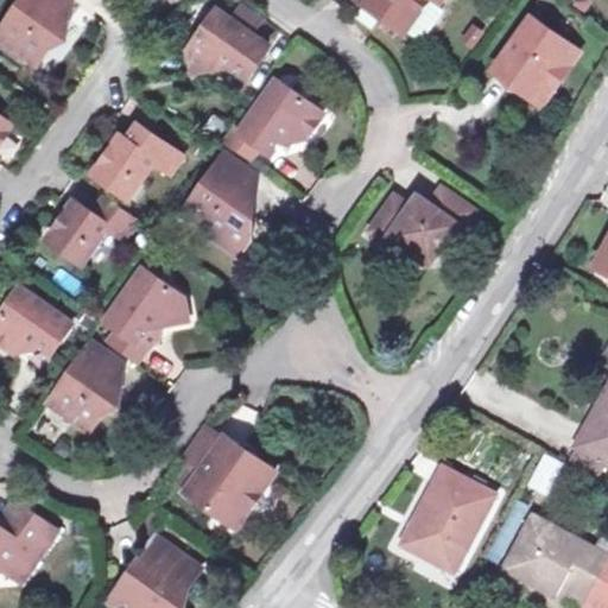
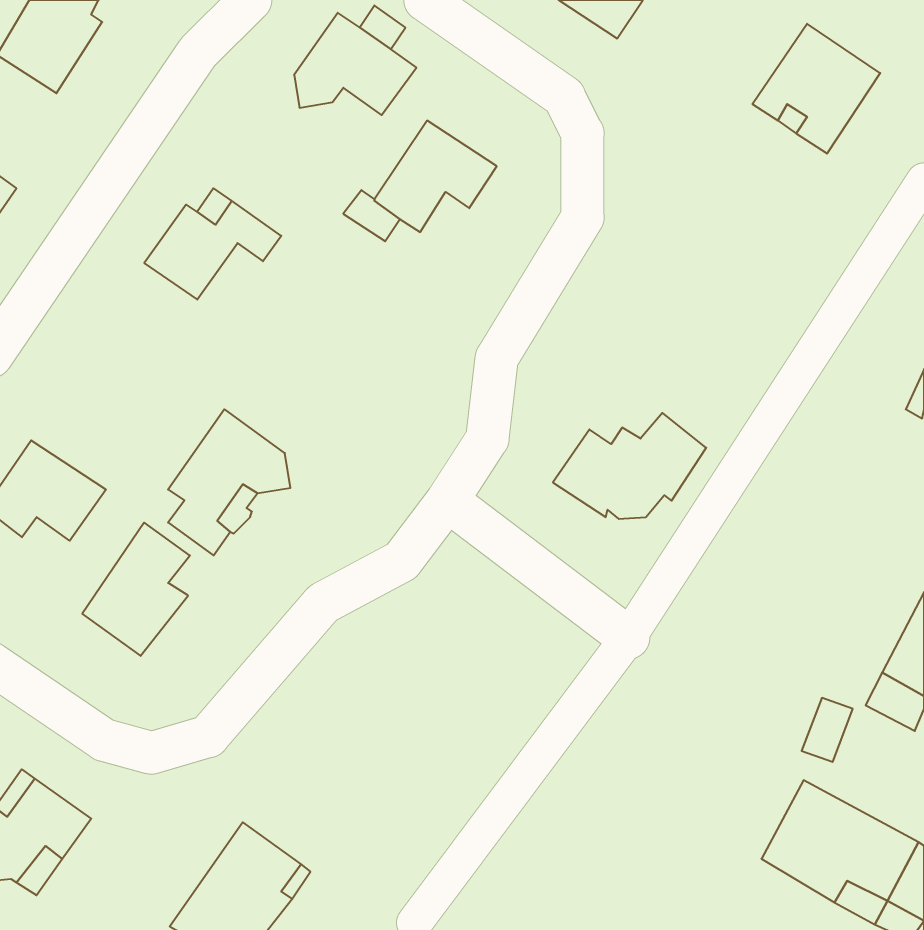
building: [185,153,259,255] -> none
building: [374,182,474,251] -> [553,413,706,519]
building: [49,197,138,261] -> none
building: [186,429,277,527] -> none
building: [394,457,483,559] -> none

